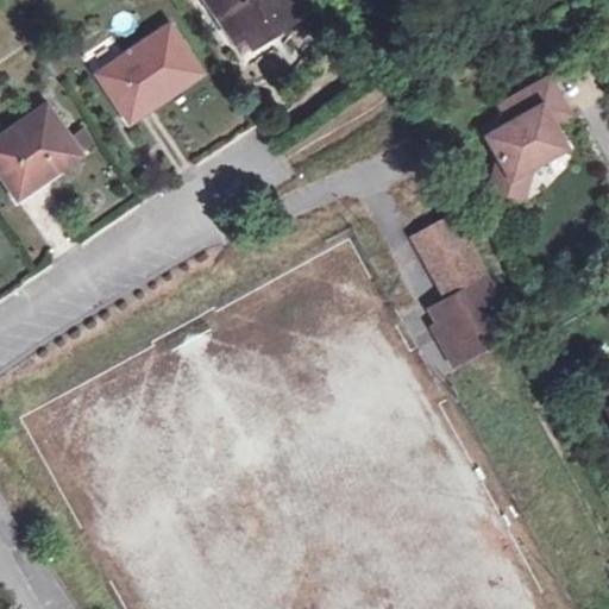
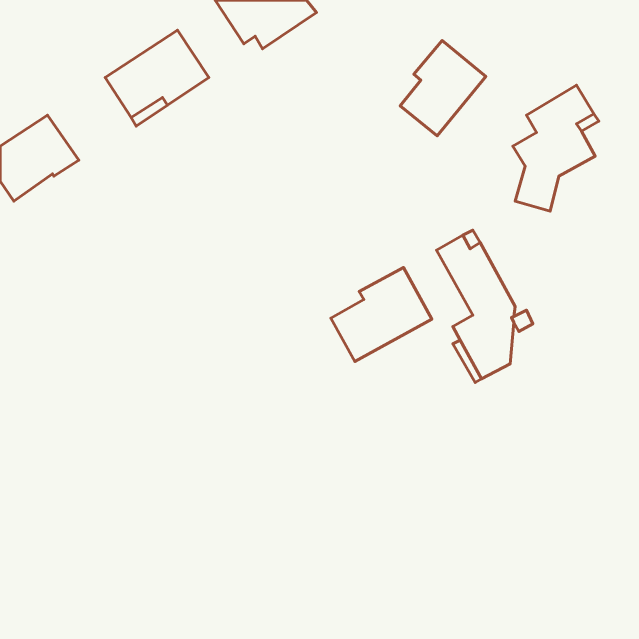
building: none -> [400,40,486,136]
building: none -> [331,268,432,362]

